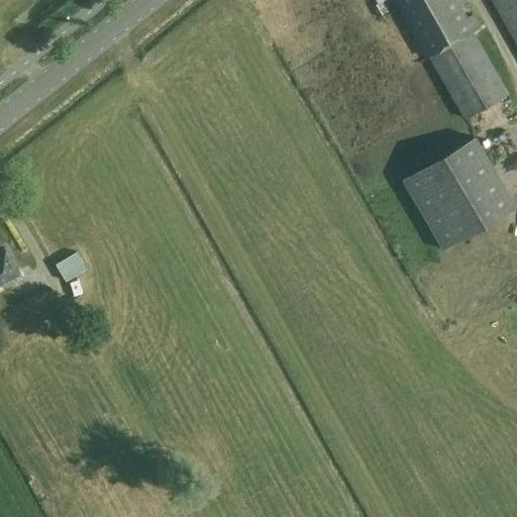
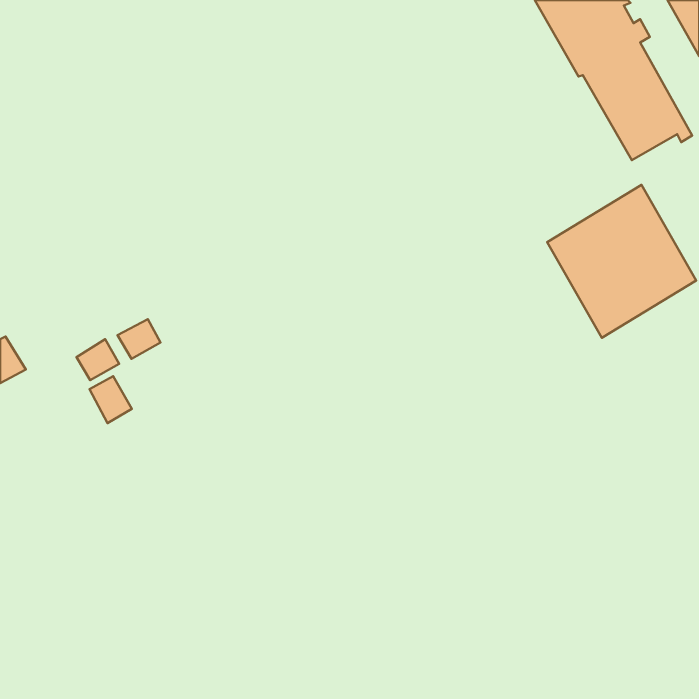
building: none -> [117,319,161,359]
building: none -> [89,376,132,423]

